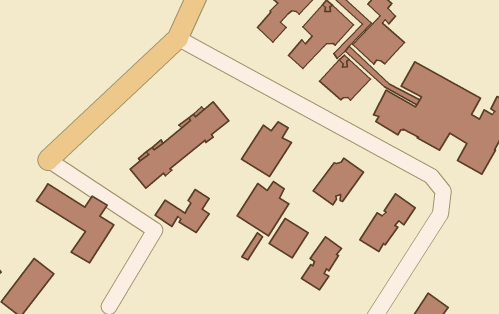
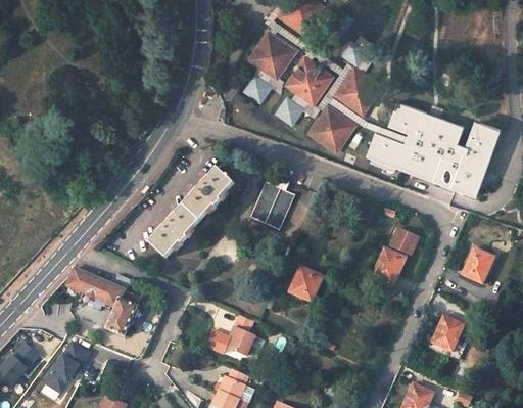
building: [313,158,363,205] -> none
building: [237,181,289,236] -> none
building: [155,190,209,233] -> [203,314,253,354]
building: none -> [461,248,493,283]
building: [302,237,341,290] -> none

